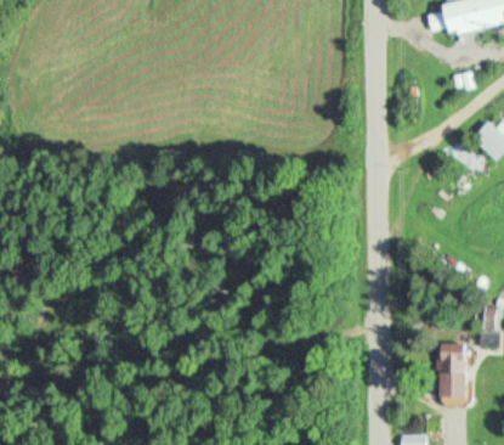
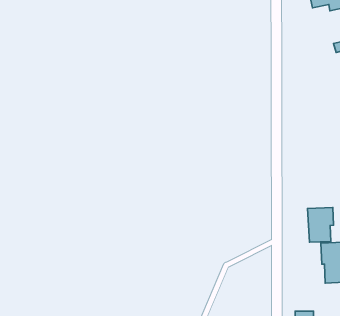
building: none -> [307,208,333,242]

